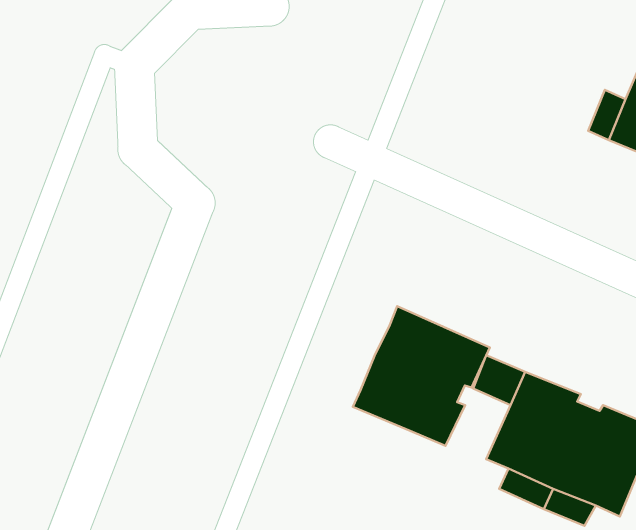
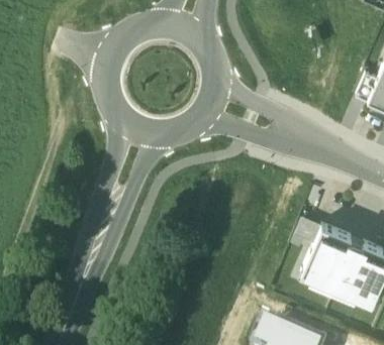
building: [353,306,490,446] -> none

